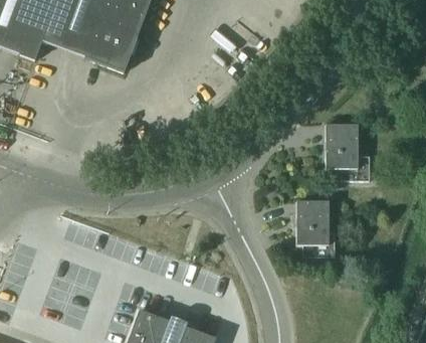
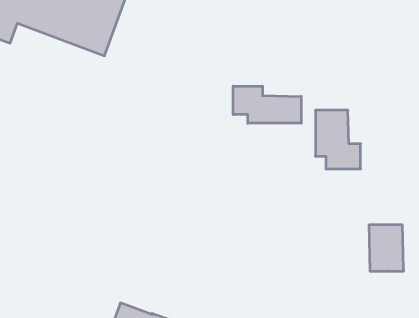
building: none -> [233,86,301,123]
building: [295,200,329,244] -> [369,225,404,271]

